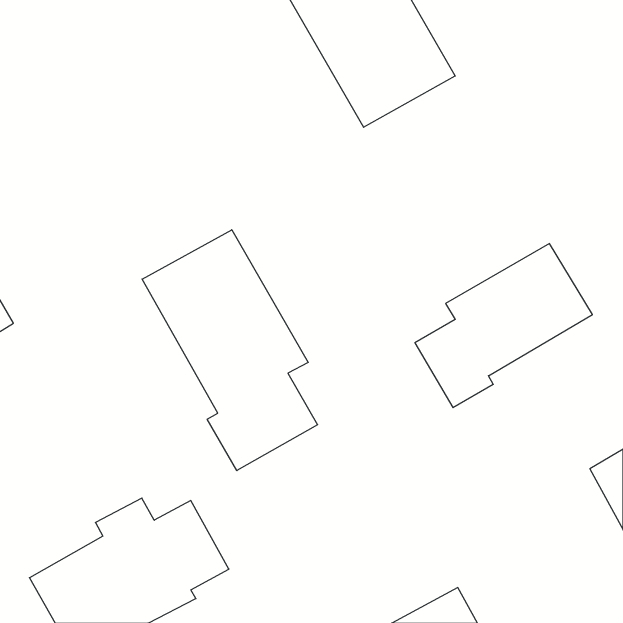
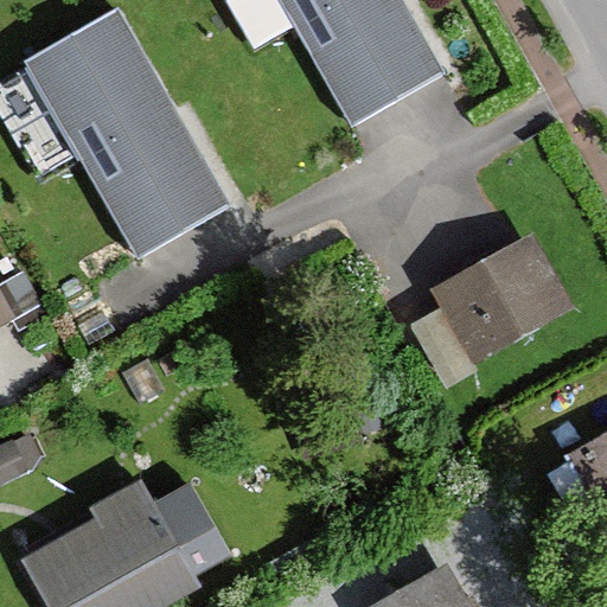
building: none -> [28,14,226,256]
building: [142,230,318,471] -> none

